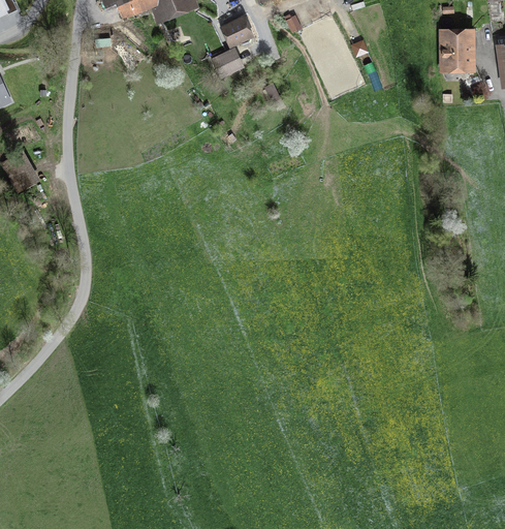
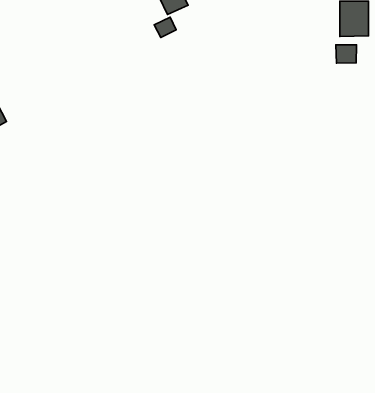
building: none -> [336,45,356,63]

